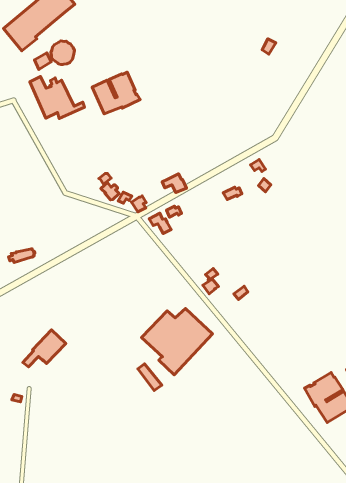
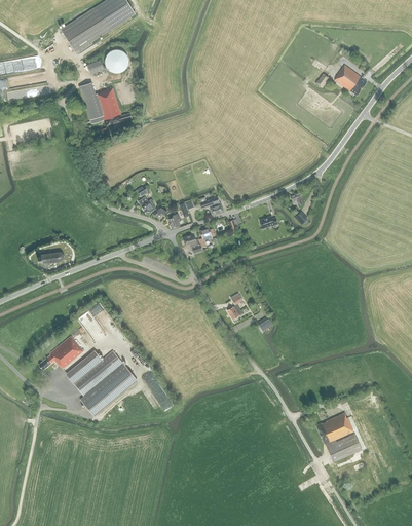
building: none -> [334,64,367,95]
building: [92,72,140,114] -> none
building: [142,308,212,375] -> [66,350,137,415]

